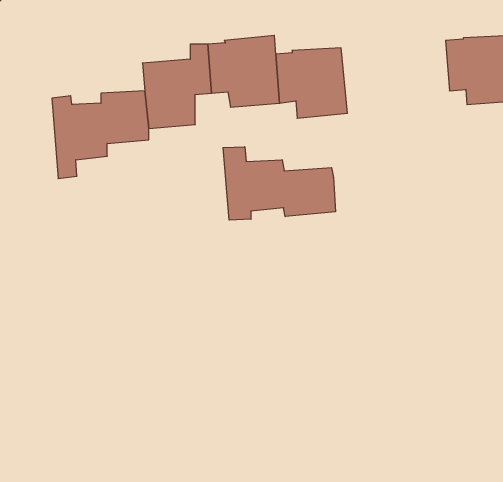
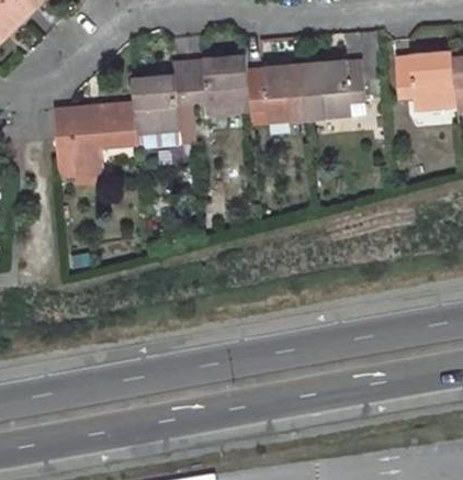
building: none -> [305,59,366,121]
building: [223,147,335,220] -> none

